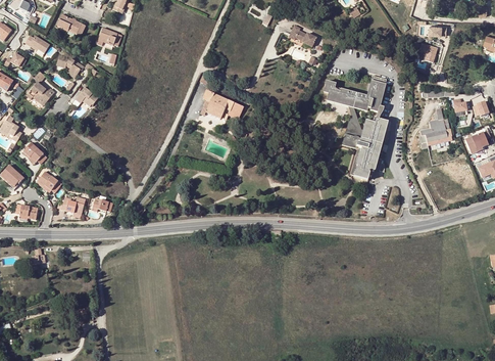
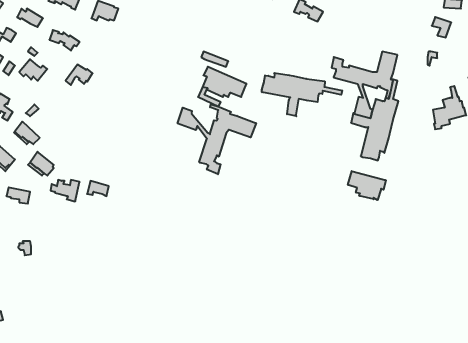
building: none -> [262,73,342,116]
building: none -> [178,104,256,174]
building: none -> [348,171,386,200]

